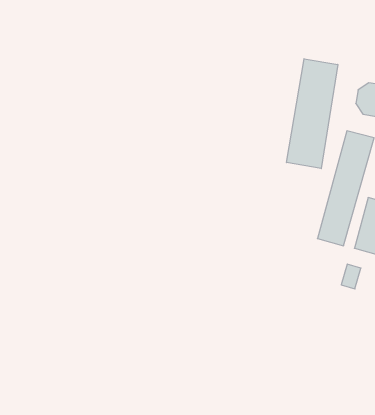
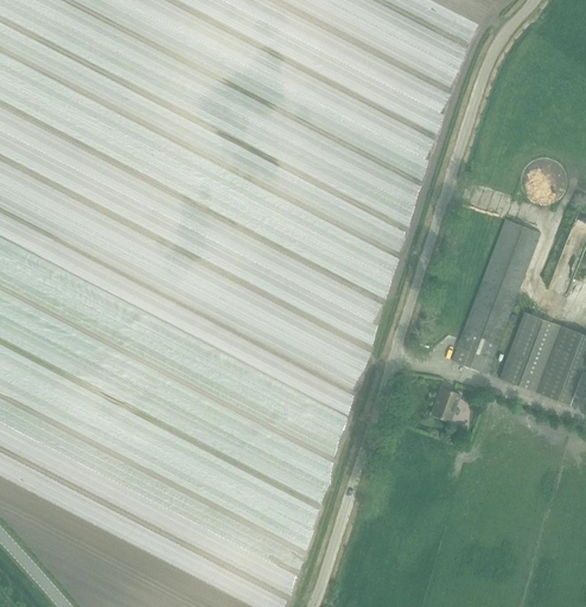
building: [287,59,338,169] -> none
building: [341,264,361,289] -> [432,386,460,421]

